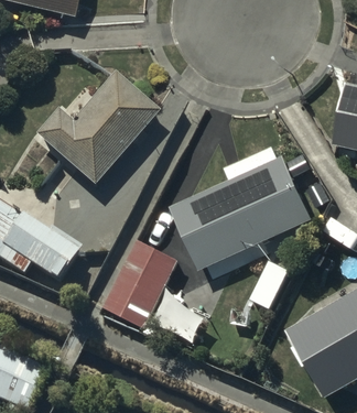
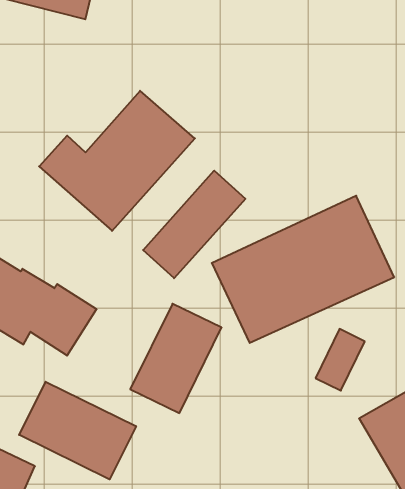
building: none -> [143,171,245,278]
building: none -> [19,382,136,479]

